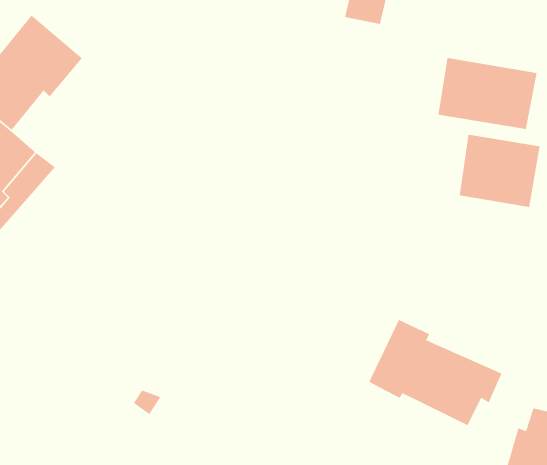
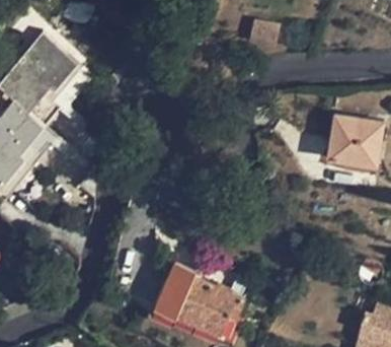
building: [437,57,538,130] -> none
building: [368,319,503,426] -> [153,262,243,334]

